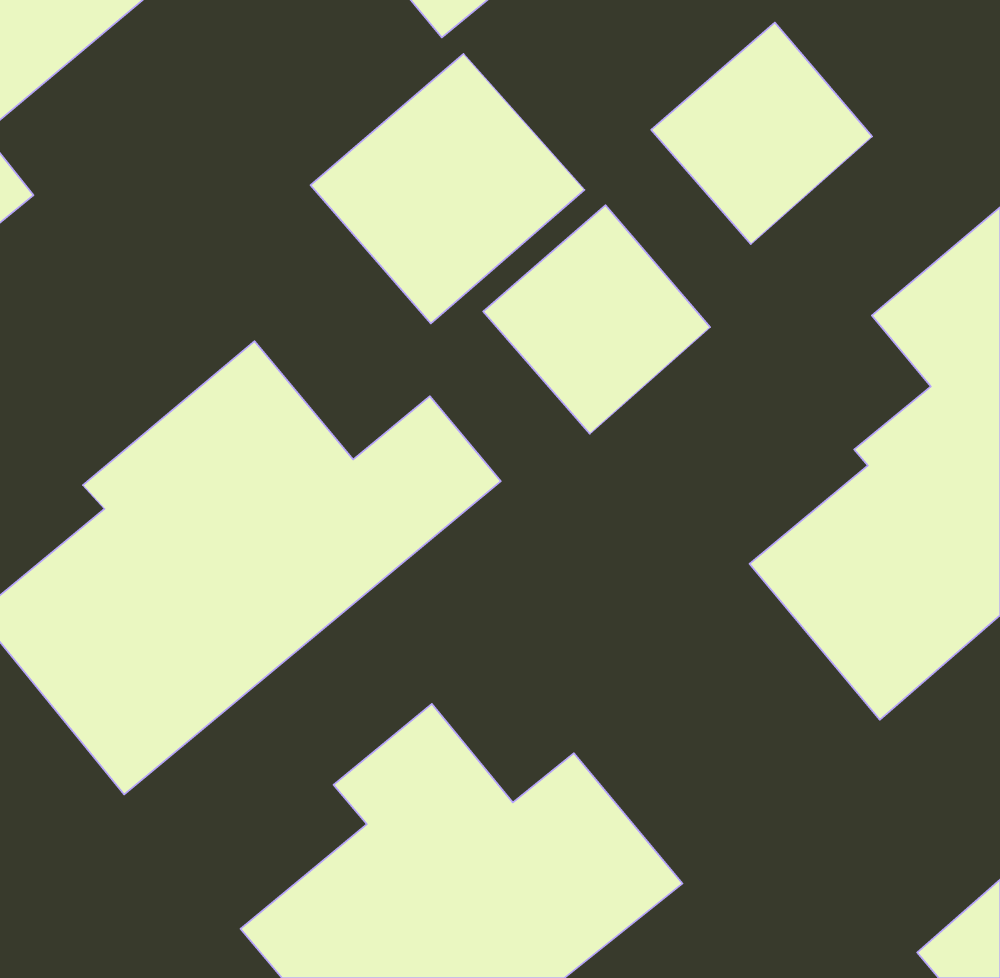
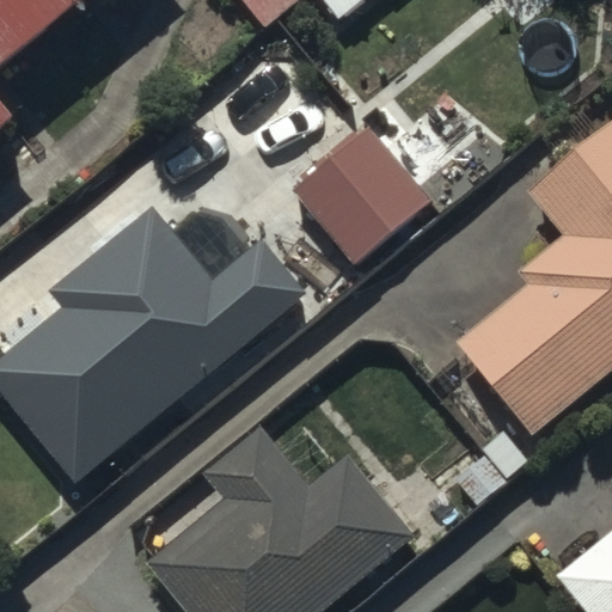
building: [651,22,872,244] -> none
building: [310,54,584,323] -> none

